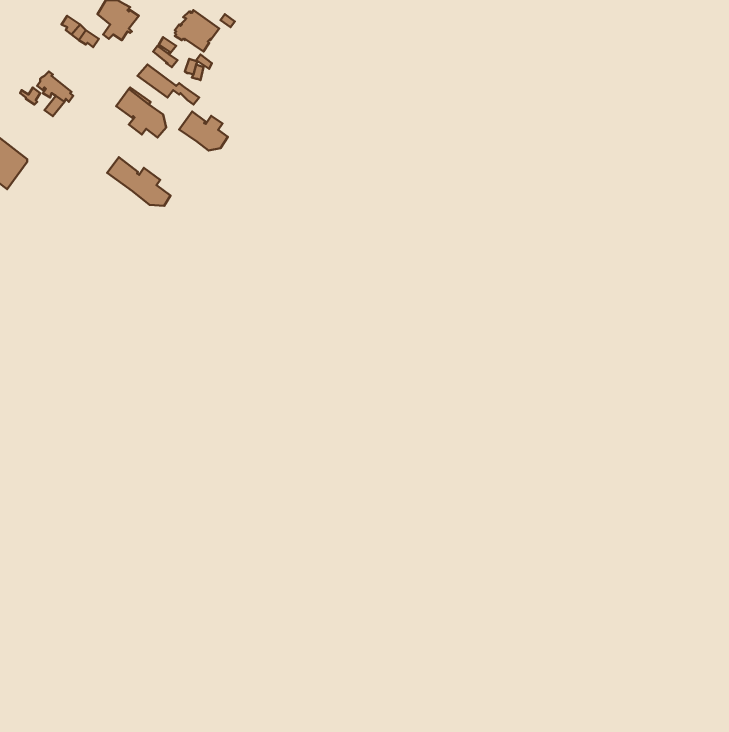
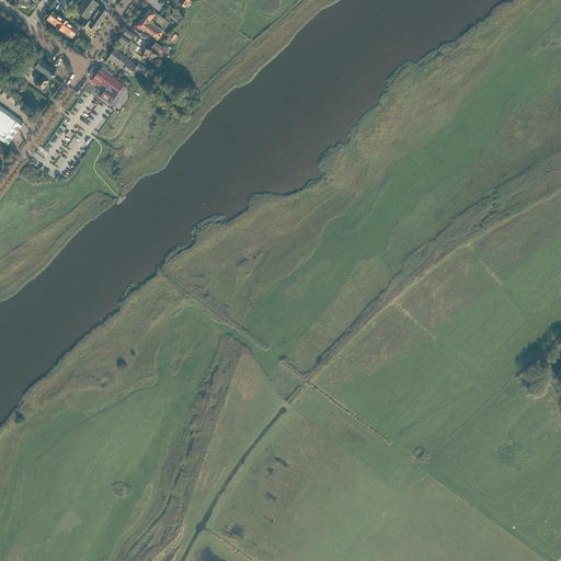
building: [179,111,228,151] -> none
building: [107,157,171,206] -> none

